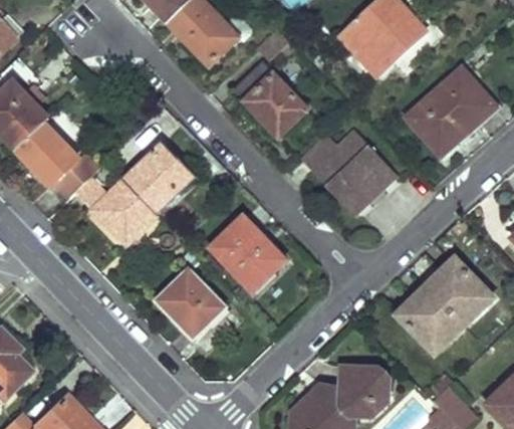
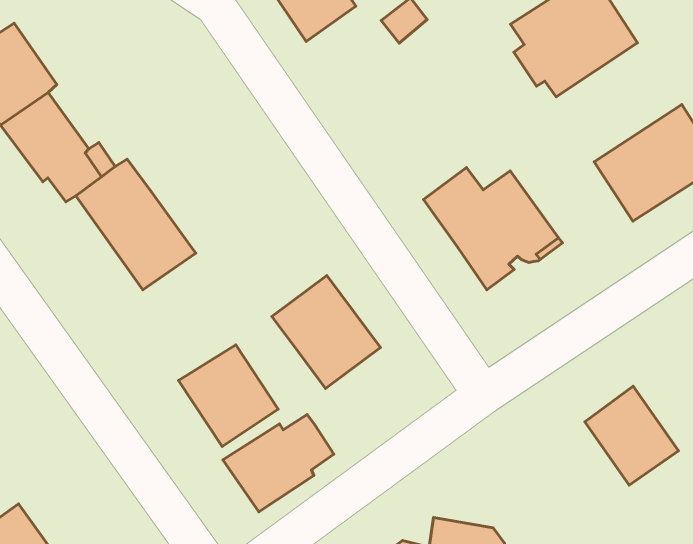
building: [234,60,306,136] -> none
building: [120,142,193,214] -> none
building: [399,288,463,353] -> none
building: none -> [223,414,334,512]

